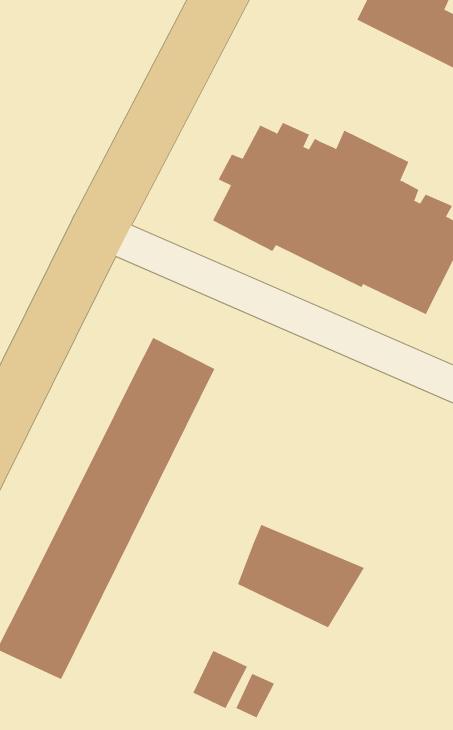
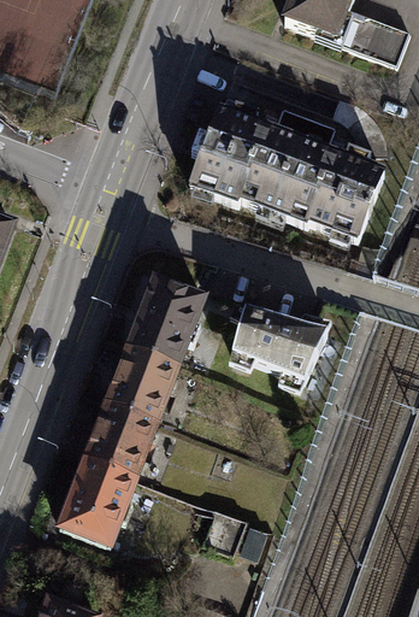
building: [237,524,365,628] -> [230,307,325,381]

